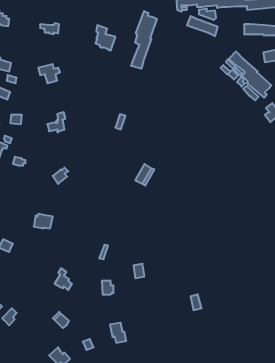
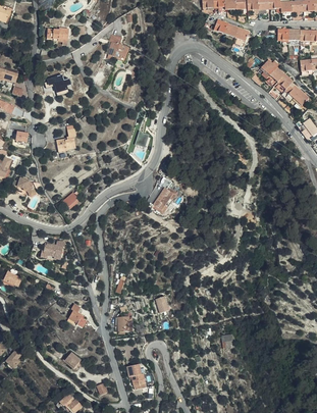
building: [131,11,157,69] -> none

